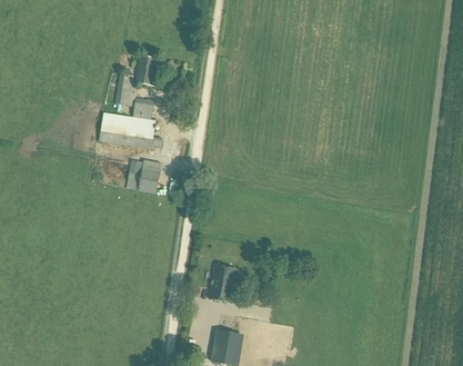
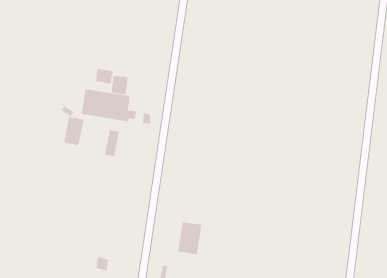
building: [134,55,159,86] -> none
building: [138,159,162,192] -> [63,117,85,146]

